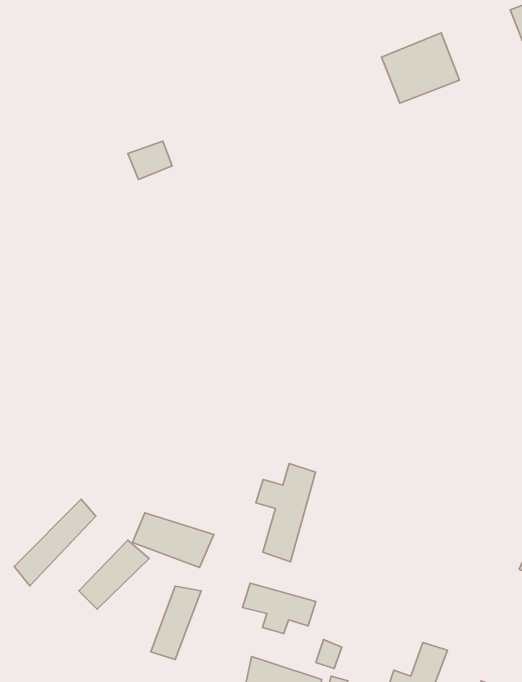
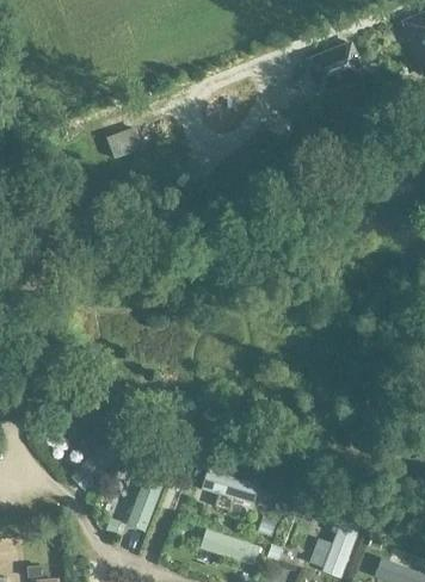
building: [256,463,316,562] -> none
building: [14,499,96,586] -> none
building: [133,513,214,567] -> none

